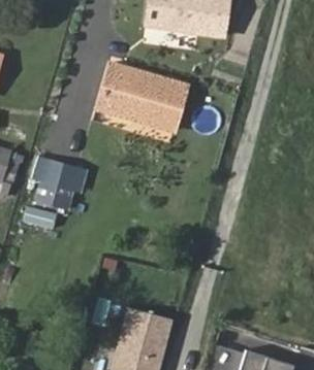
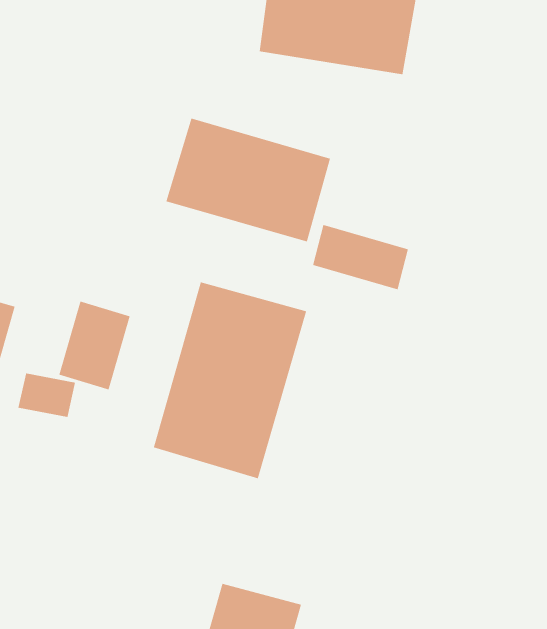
building: none -> [312,224,409,290]
building: none -> [153,282,307,479]

